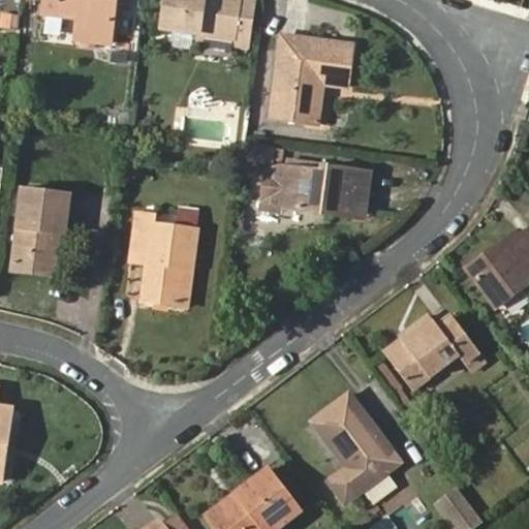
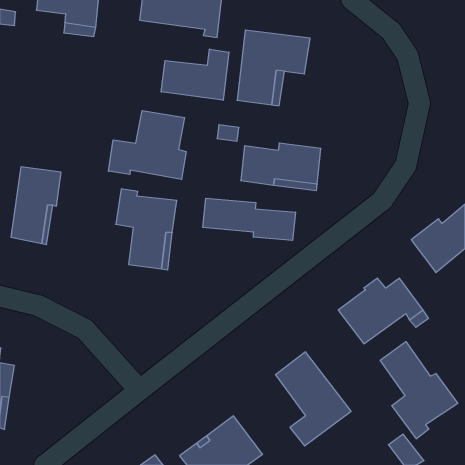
building: none -> [161,49,229,100]
building: none -> [108,111,186,180]
building: none -> [203,198,295,240]
building: none -> [380,342,458,439]

